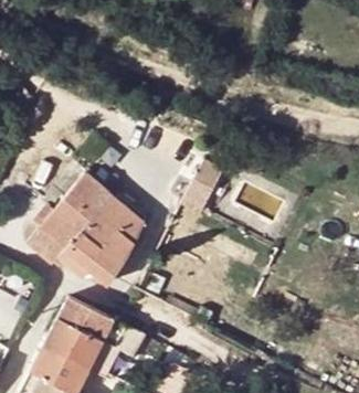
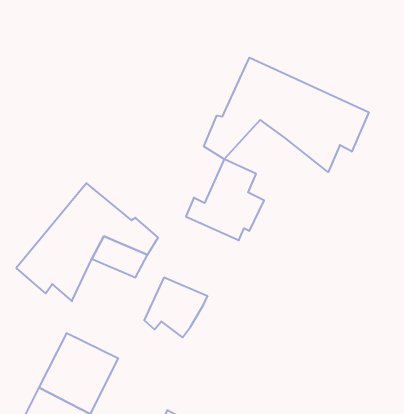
building: none -> [204,58,369,172]
building: [74,235,127,285] -> [144,278,208,337]

